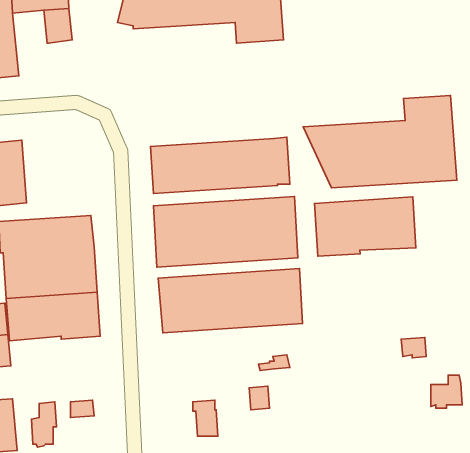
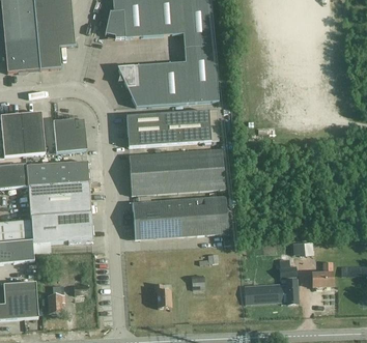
building: none -> [35,25,61,68]
building: [303,95,457,188] -> [117,45,219,106]
building: none -> [53,118,86,151]
building: [314,197,416,256] -> none
building: none -> [244,258,299,304]

